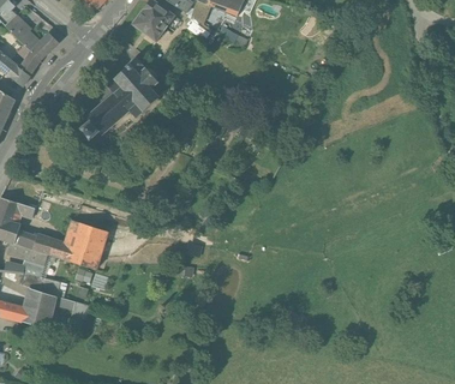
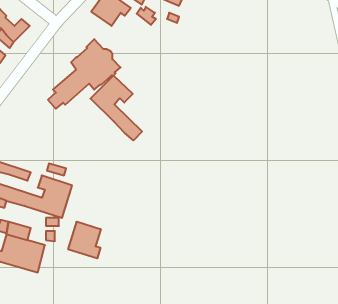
building: none -> [90,75,142,140]
building: none -> [68,222,101,258]

